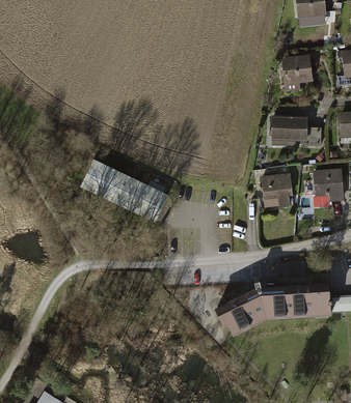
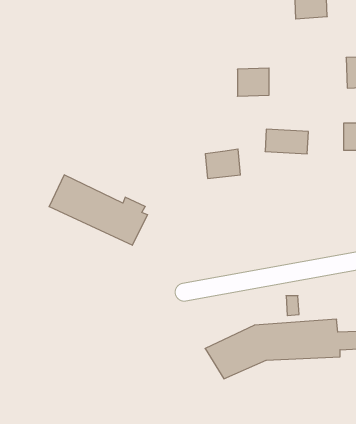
building: [282,59,310,84] -> [237,68,269,96]
building: [312,169,342,202] -> none
building: [259,173,290,199] -> [205,149,240,178]

